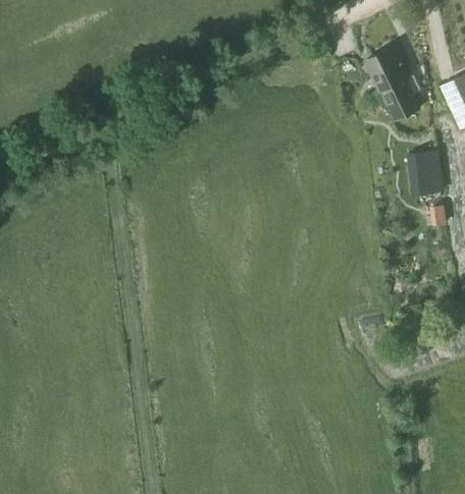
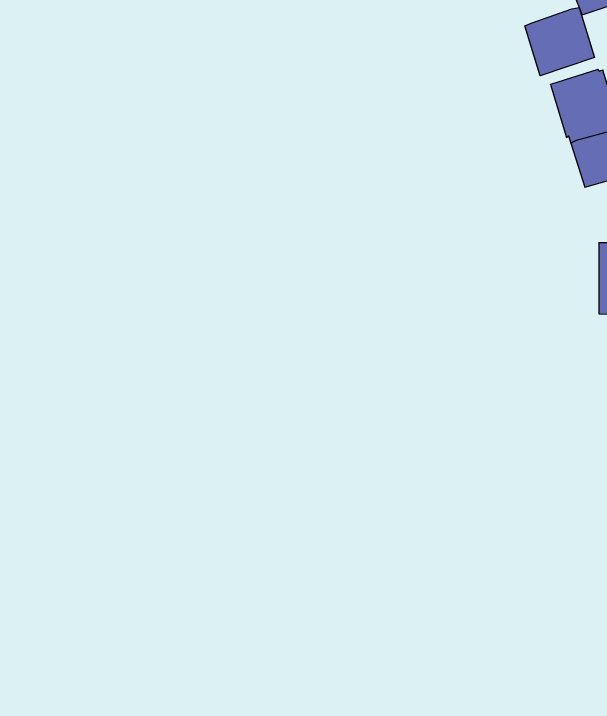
building: none -> [525,8,595,76]

